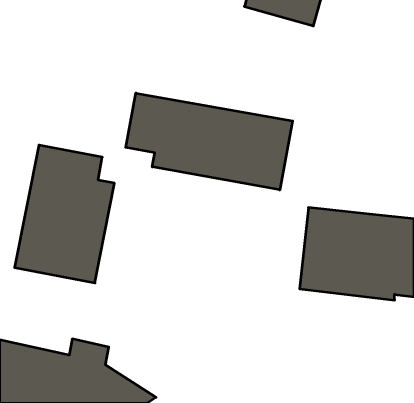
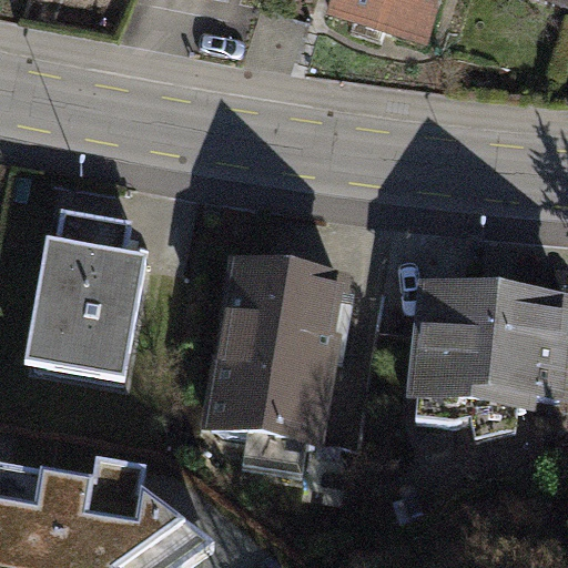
building: [126,93,293,190] -> none
building: none -> [200,255,354,456]

